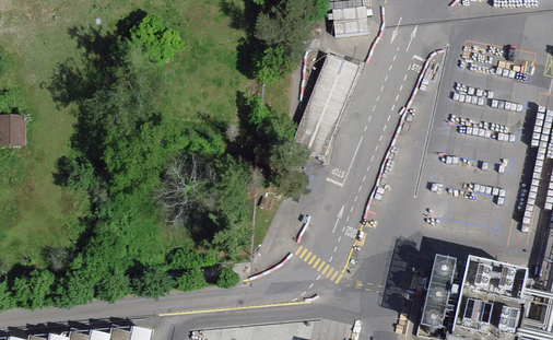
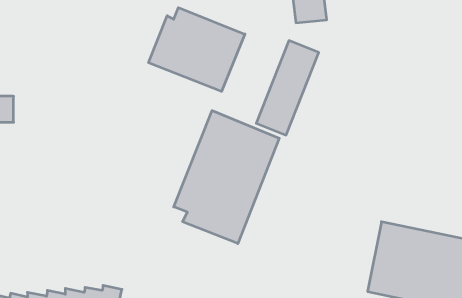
building: none -> [149,8,245,91]
building: none -> [174,111,279,244]

